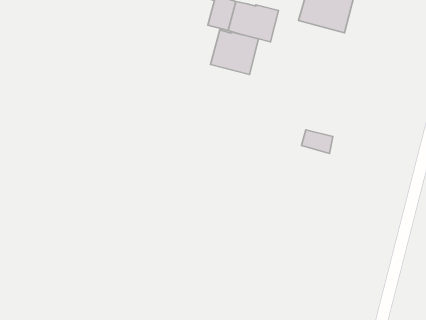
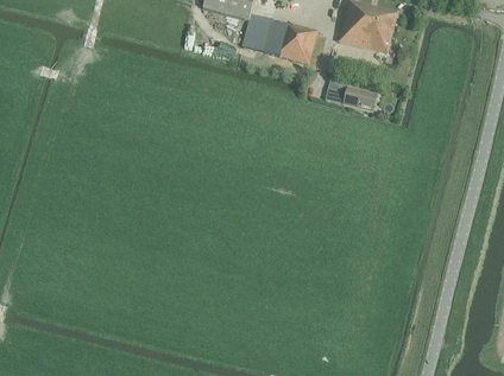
building: [210,30,258,74] -> none
building: [301,130,333,153] -> [342,87,376,111]

